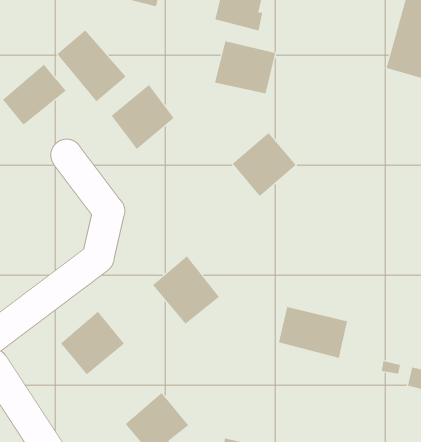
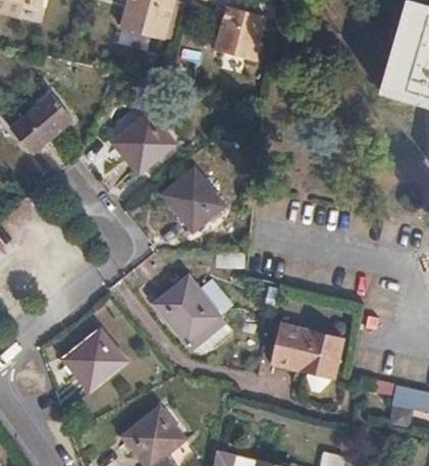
building: [56,30,126,102] -> none
building: [215,41,276,94] -> none
building: [232,132,296,197] -> [163,164,225,226]

